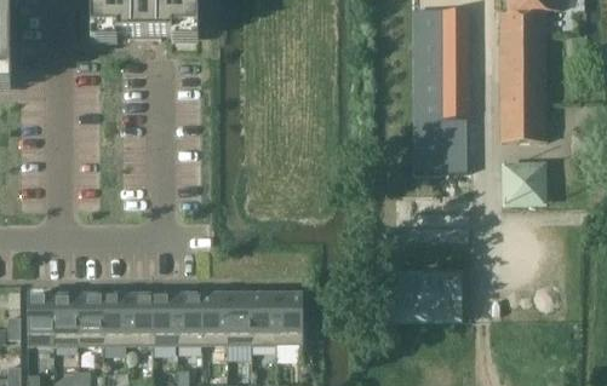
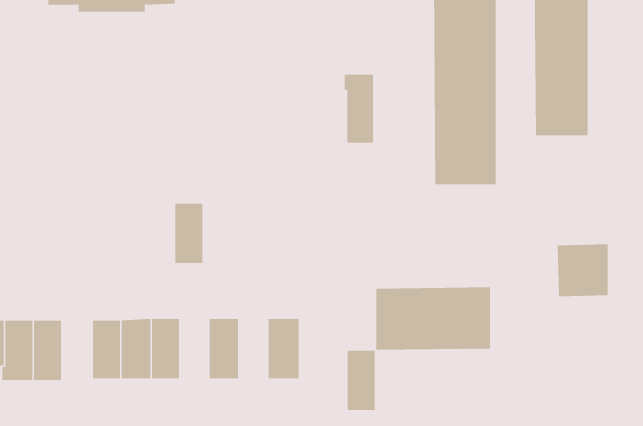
building: none -> [344,74,373,143]
building: [503,161,546,206] -> [557,244,608,297]
building: [201,294,225,345] -> [174,203,203,264]
building: [251,294,275,345] -> [347,350,376,411]
building: [102,295,127,346] -> none

